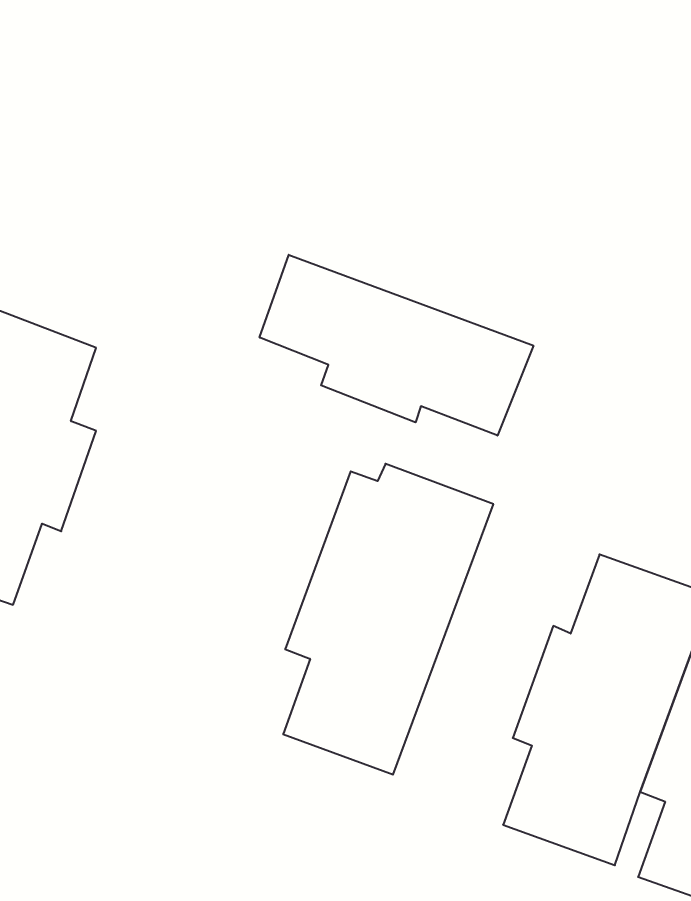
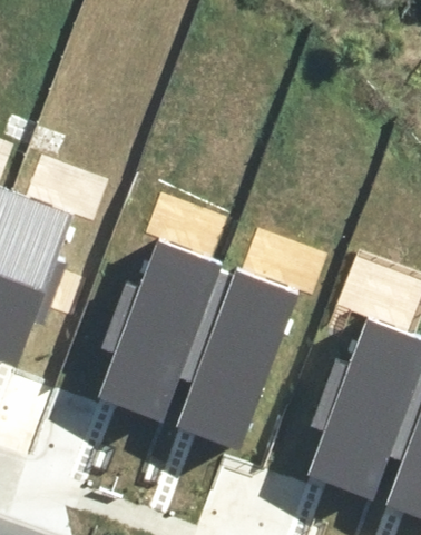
building: [260,255,533,436] -> none
building: none -> [98,244,219,423]

